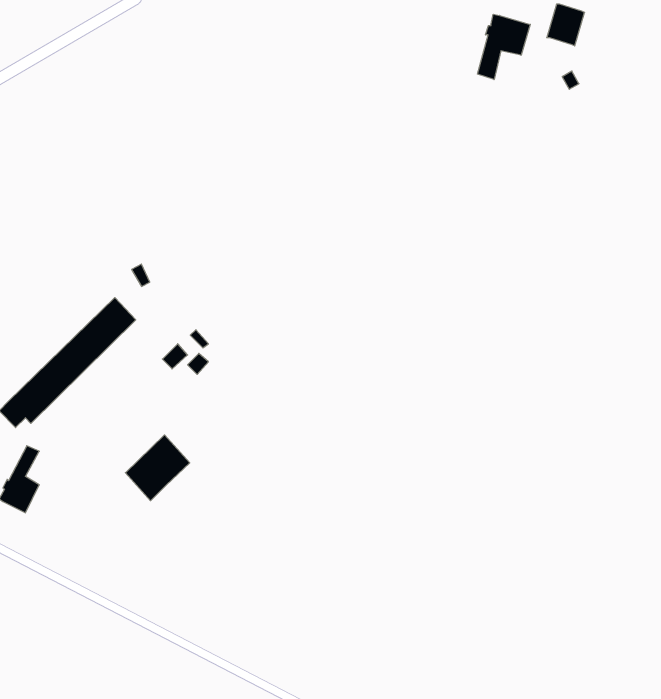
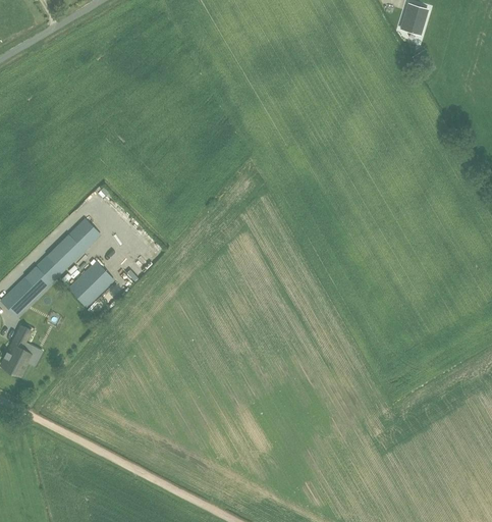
building: [478,14,530,80] -> none
building: [125,435,190,501] -> [67,260,114,308]

